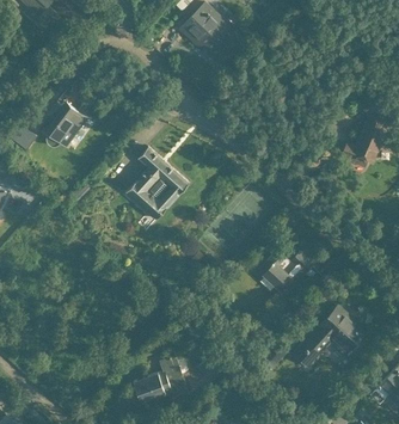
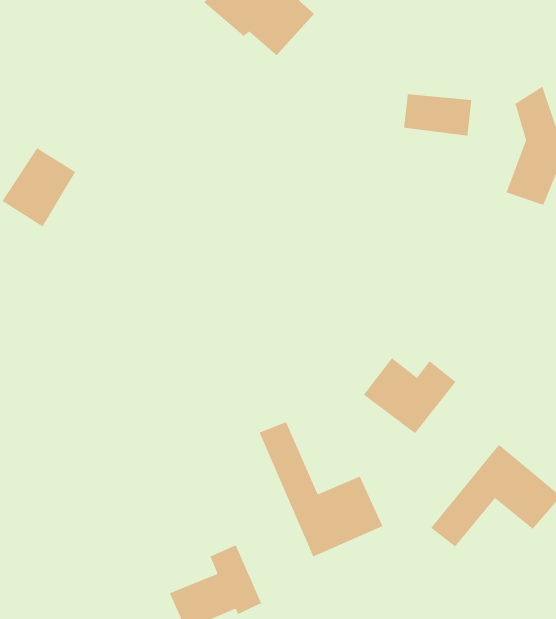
building: none -> [403,93,472,136]
building: [121,145,186,219] -> none
building: none -> [259,421,383,558]

